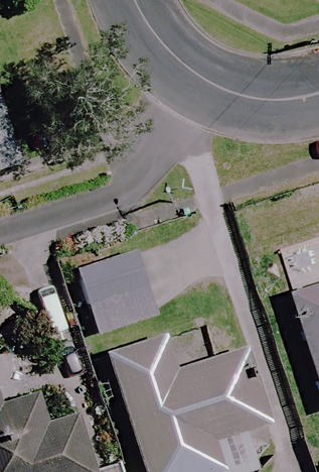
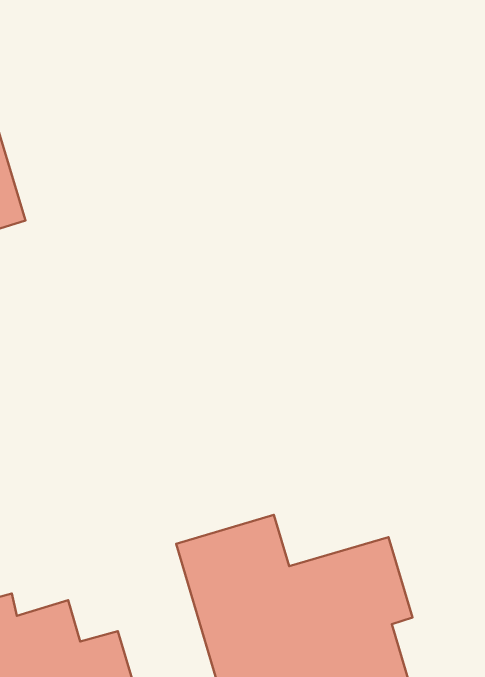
building: [75,250,158,334] -> none

